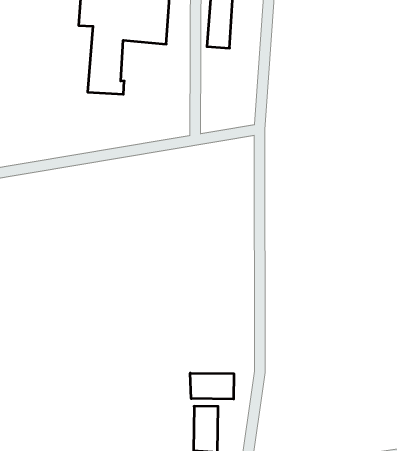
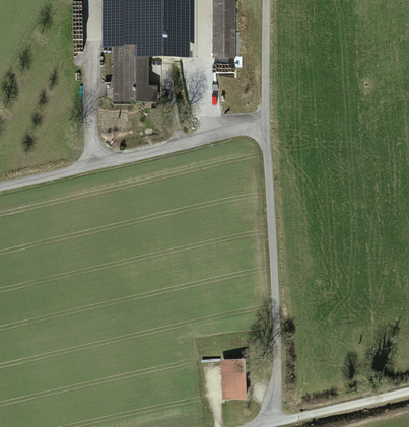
building: [190,373,234,399] -> none

